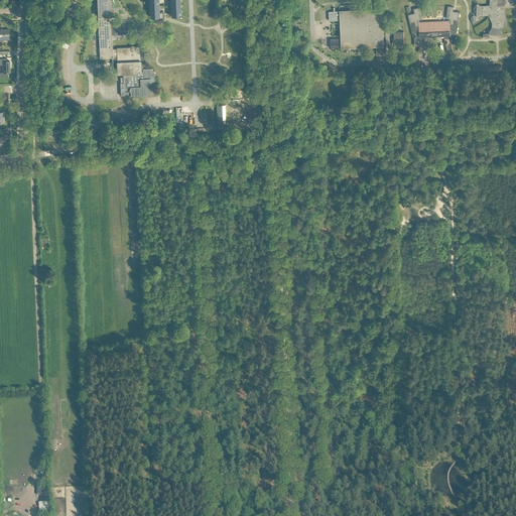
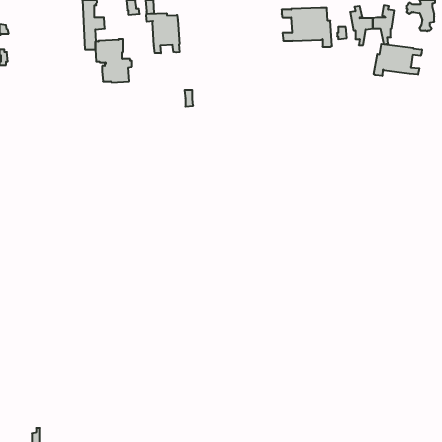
building: none -> [146,13,180,53]
building: none -> [374,44,422,76]

